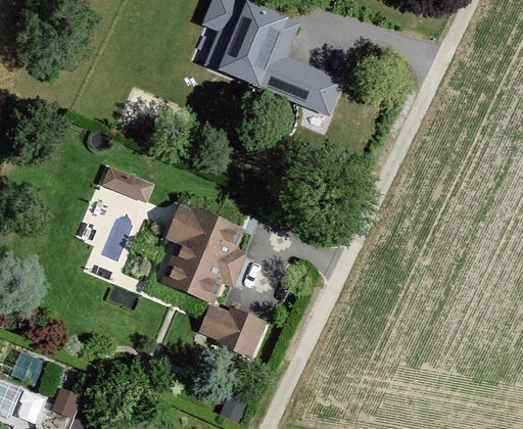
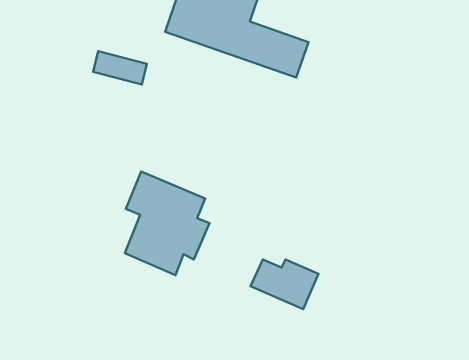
building: [101,165,154,198] -> [93,51,147,84]
building: [196,311,264,360] -> [250,259,319,309]

